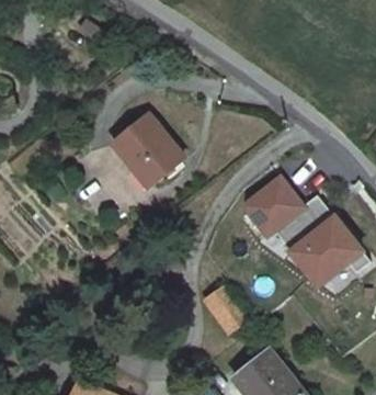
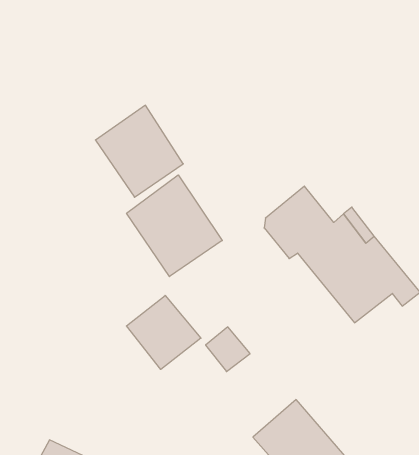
building: none -> [127,175,222,277]
building: none -> [126,295,201,369]

